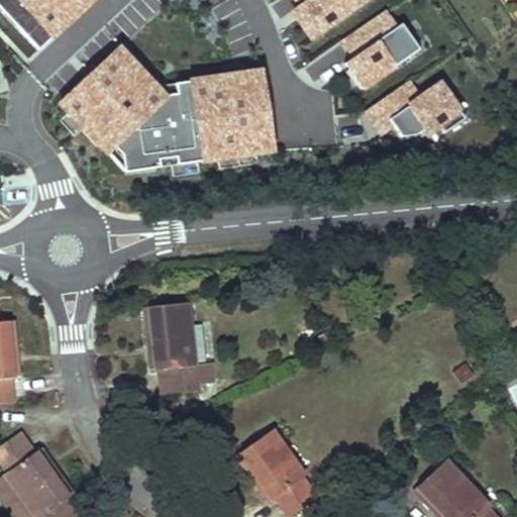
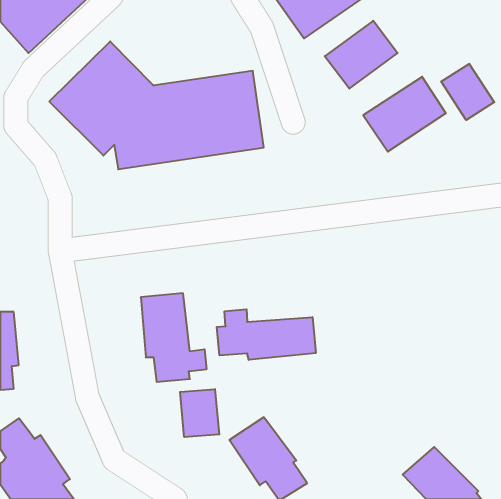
building: none -> [441,64,494,120]
building: none -> [217,309,316,360]
building: none -> [180,389,219,437]

